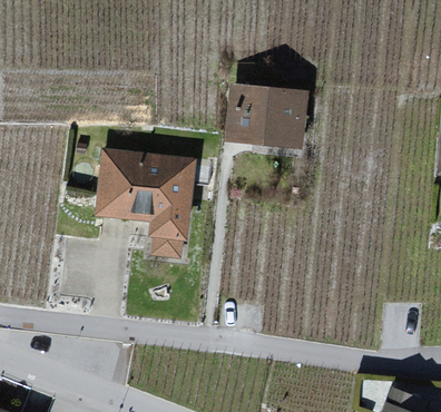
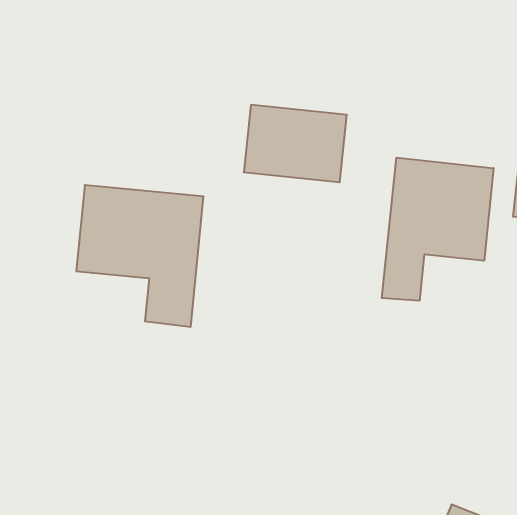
building: none -> [382,158,494,301]

